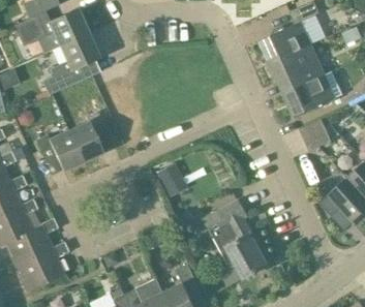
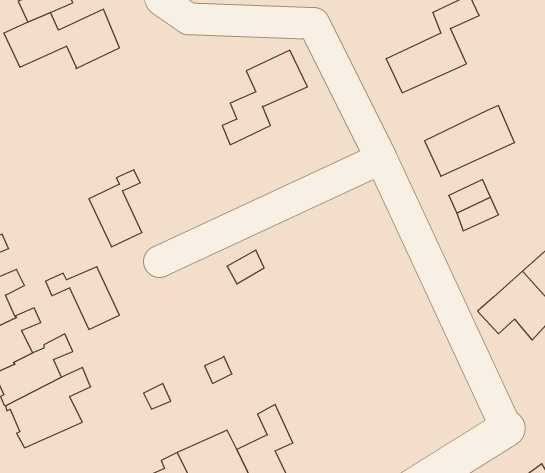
building: [44,33,99,94] -> [222,50,307,145]
building: [270,43,325,93] -> none
building: [35,130,83,171] -> [46,267,119,329]
building: [203,198,268,278] -> none

